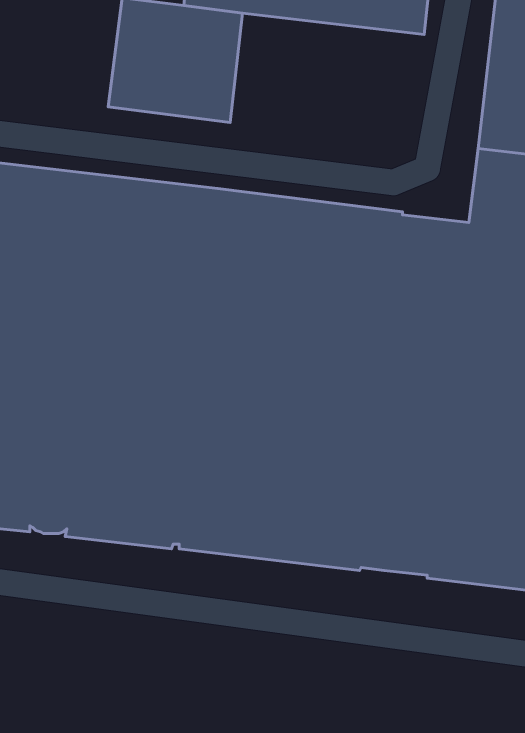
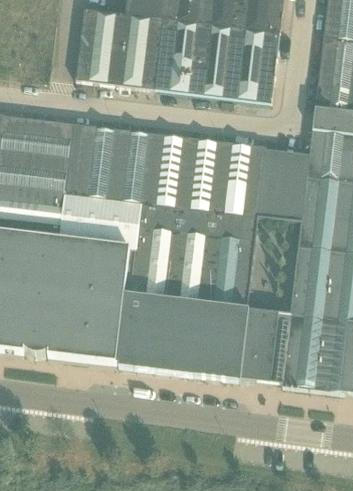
building: none -> [154,18,280,103]

